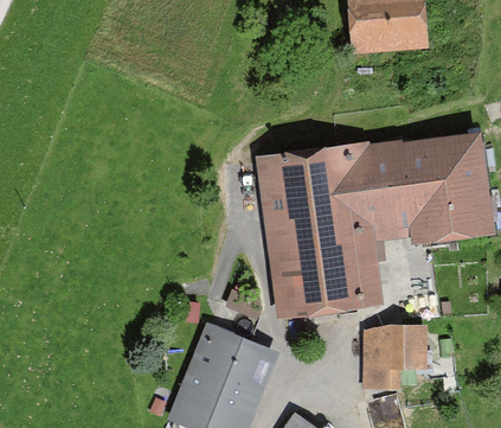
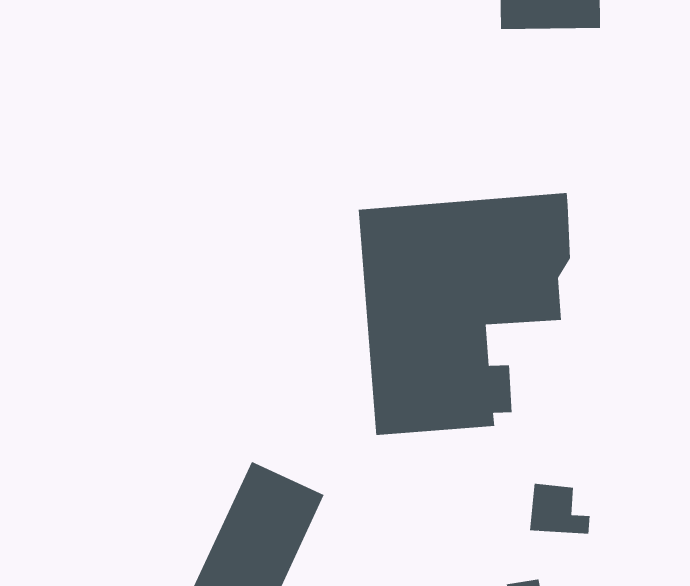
building: [404,141,481,231] -> none
building: [365,332,397,388] -> none

